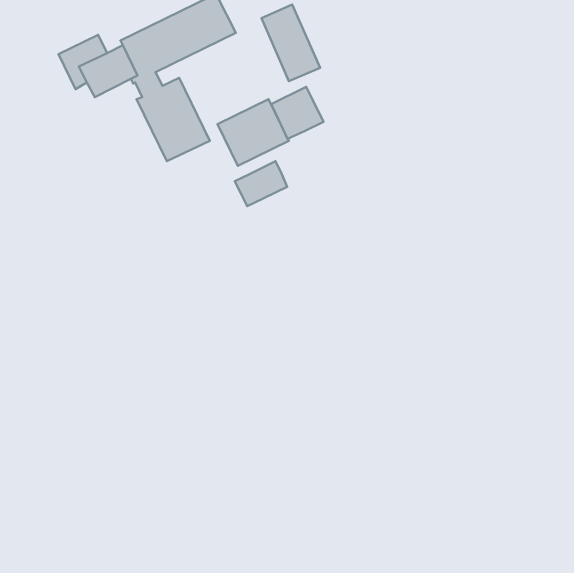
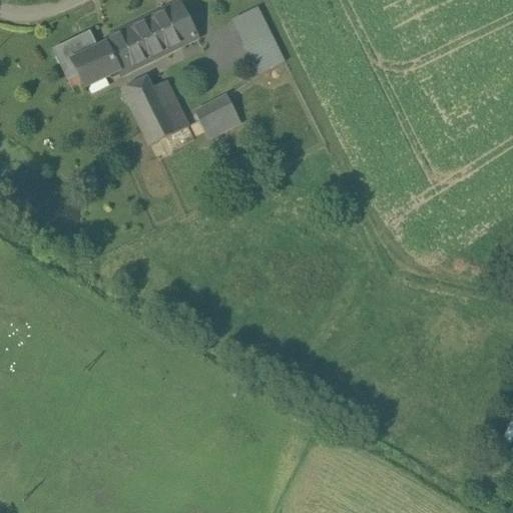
building: [271,87,324,139] -> none
building: [235,161,287,206] -> none

